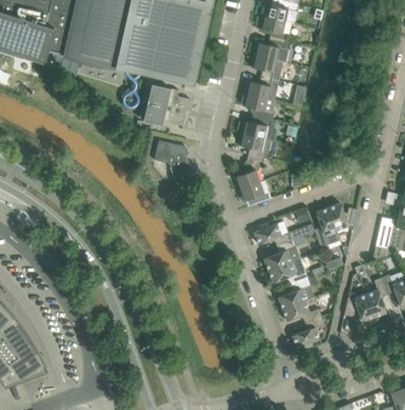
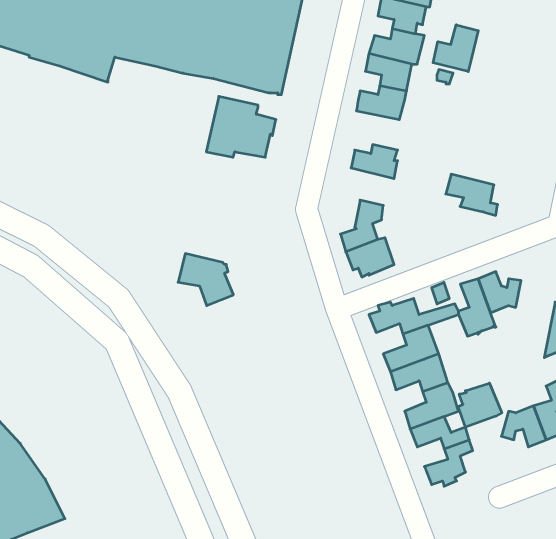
building: none -> [433,25,478,72]
building: [243,95,275,121] -> none
building: [238,133,273,161] -> [446,174,498,215]
building: [154,142,192,177] -> [178,254,233,306]
building: none -> [458,383,502,427]

